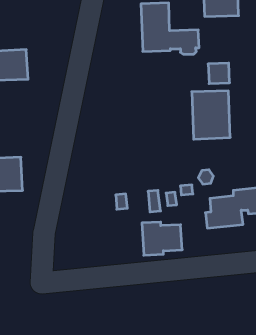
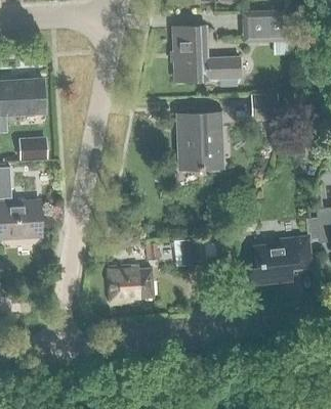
building: [192,91,230,139] -> [177,113,221,169]
building: none -> [18,137,48,161]
building: [142,222,182,255] -> [108,266,154,304]

